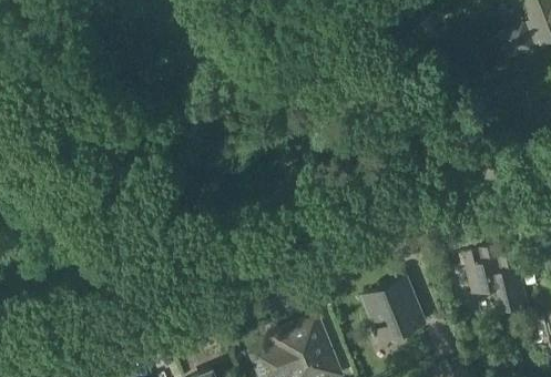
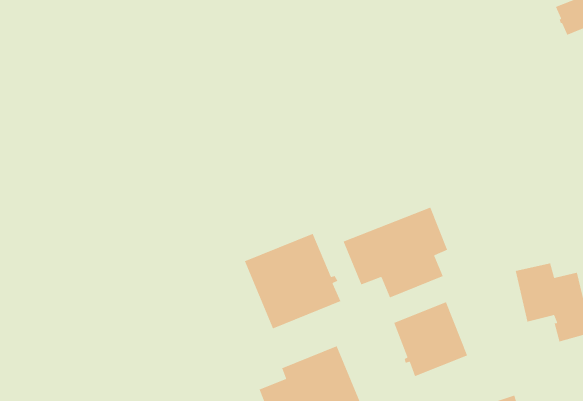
building: none -> [342,206,448,299]
building: none -> [244,233,342,330]

